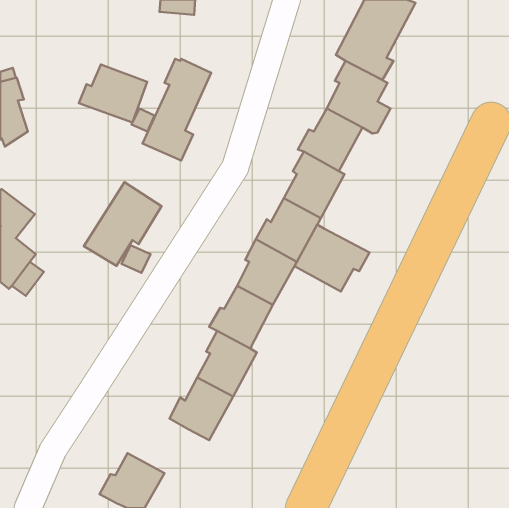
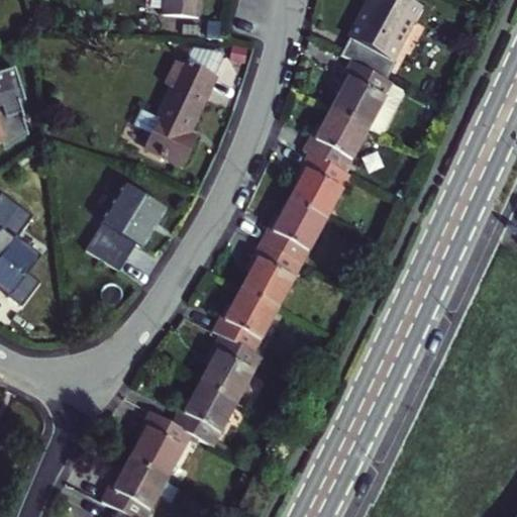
building: [79,64,147,123] -> none
building: [295,225,369,291] -> none
building: none -> [129,412,191,480]

